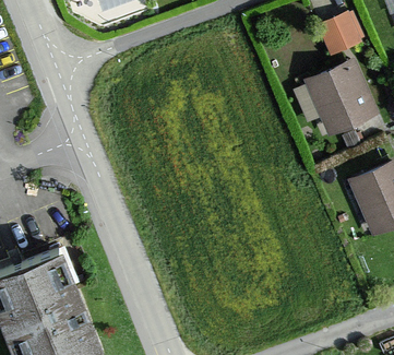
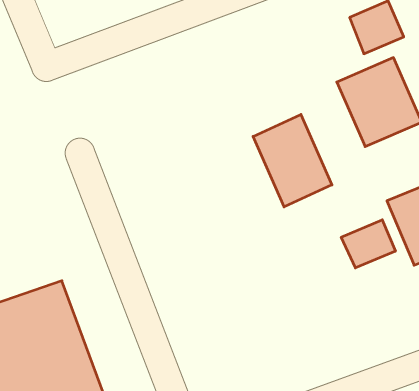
building: none -> [253,114,332,207]
building: none -> [341,220,395,268]

